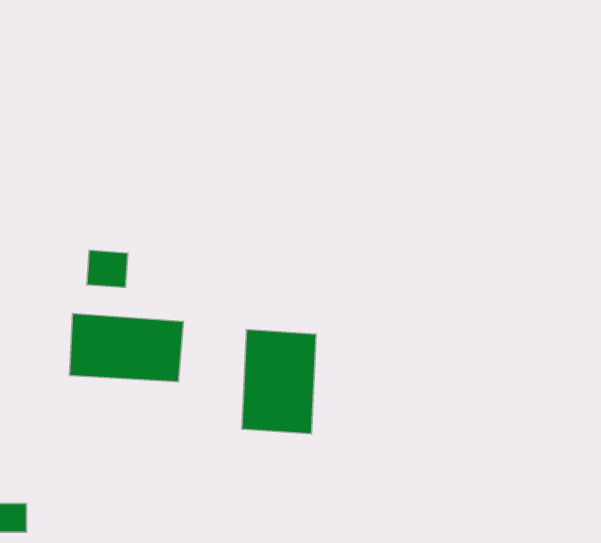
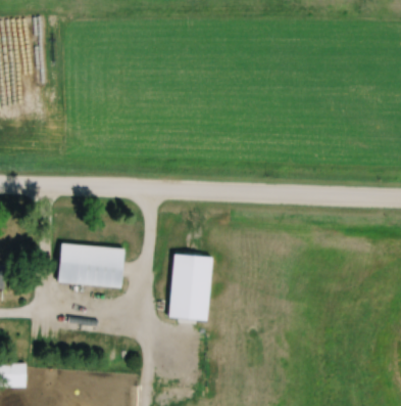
building: [87,250,128,288] -> none

